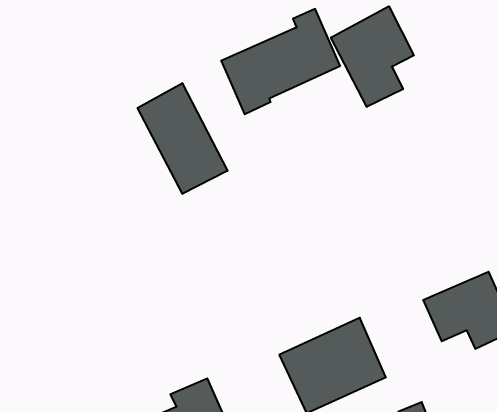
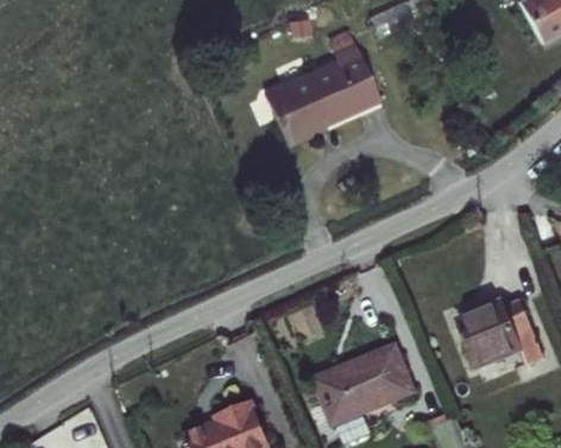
building: [331,6,414,107] -> none
building: [138,83,228,194] -> none

